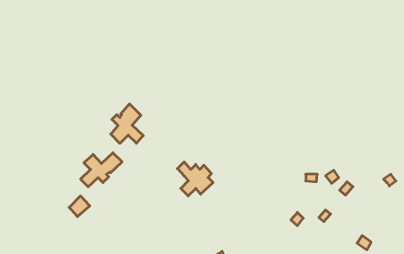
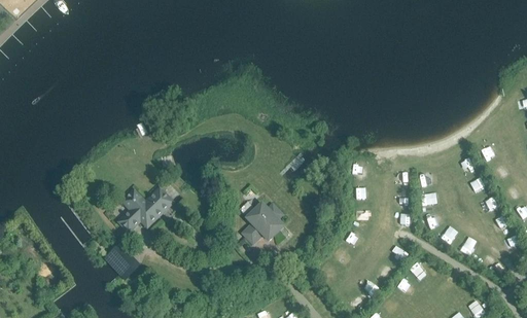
building: [111,104,143,143] -> none

